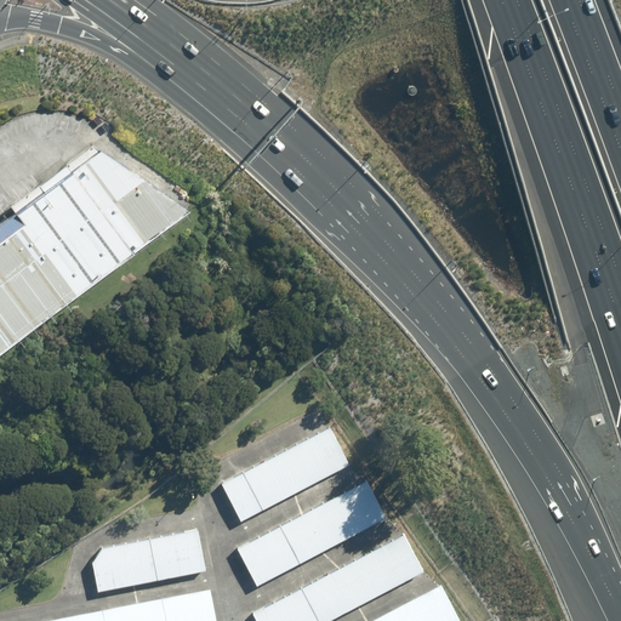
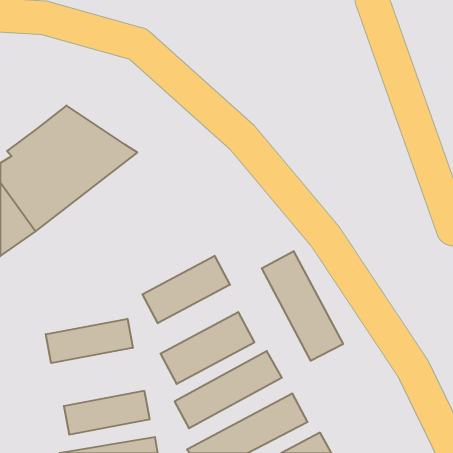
building: none -> [262,251,343,361]
building: none -> [142,256,230,323]
building: none -> [46,319,133,363]

